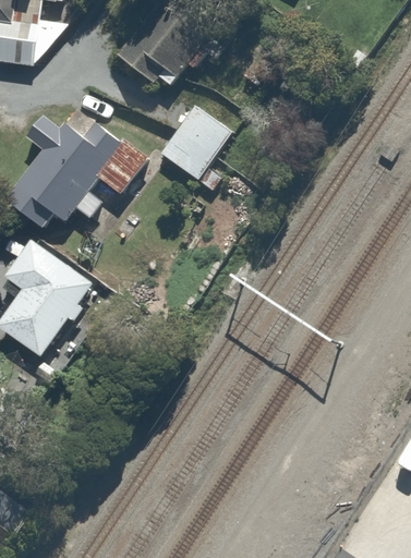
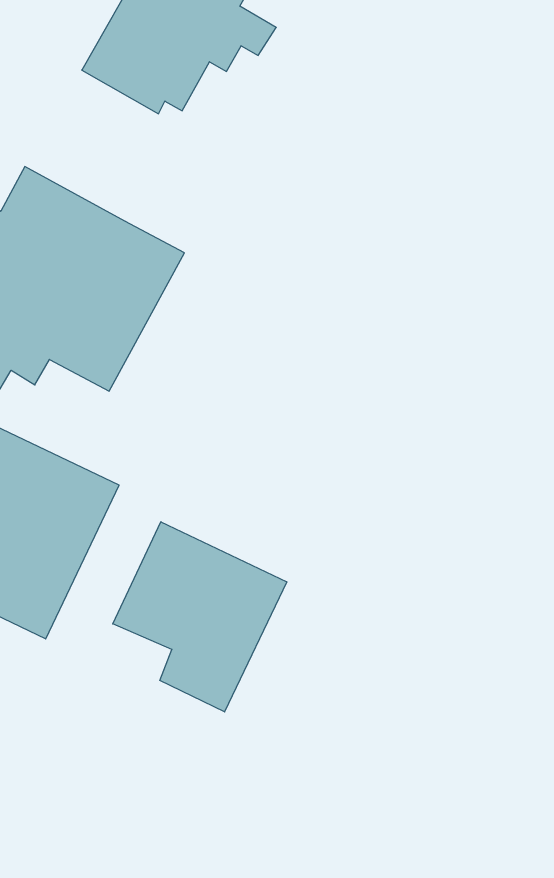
building: [159,100,237,182] -> none
building: none -> [113,522,287,712]

